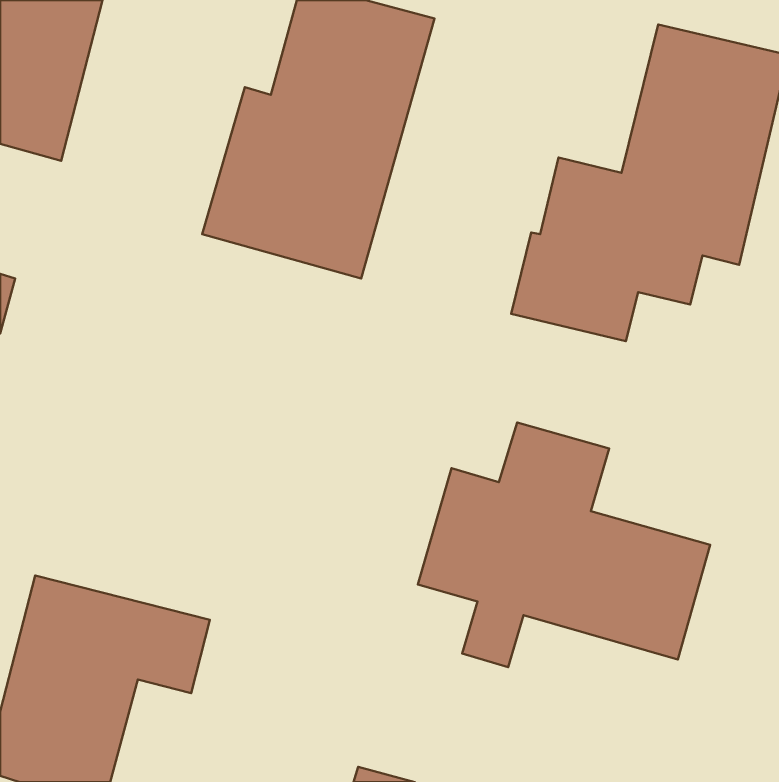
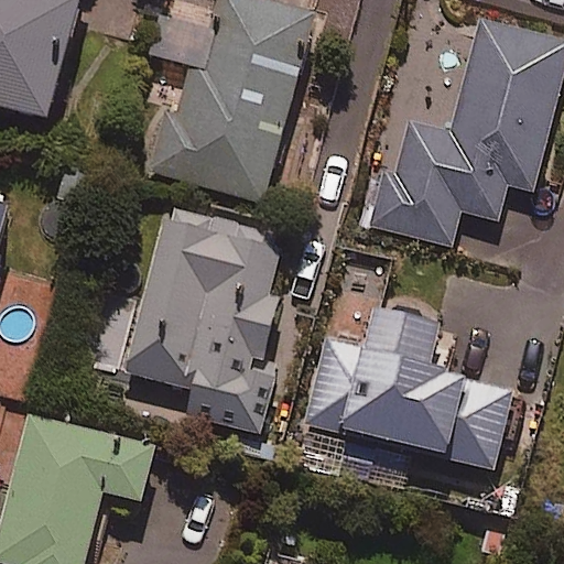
building: none -> [124,205,282,432]

